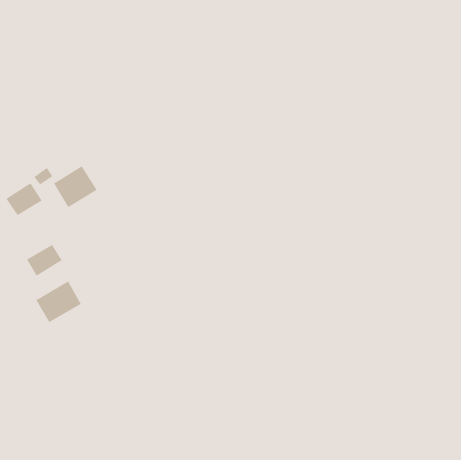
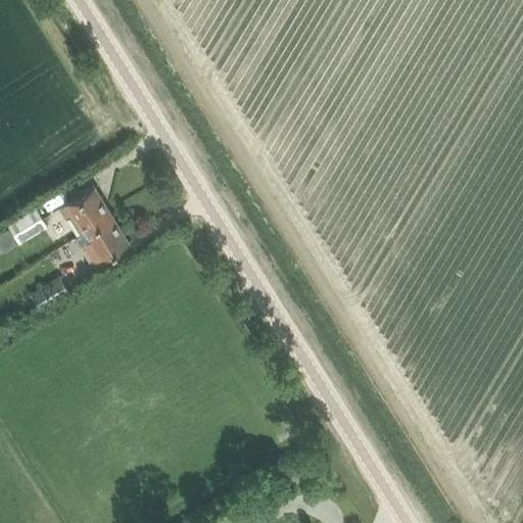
building: none -> [75,217,129,265]
building: [35,280,82,323] -> none

